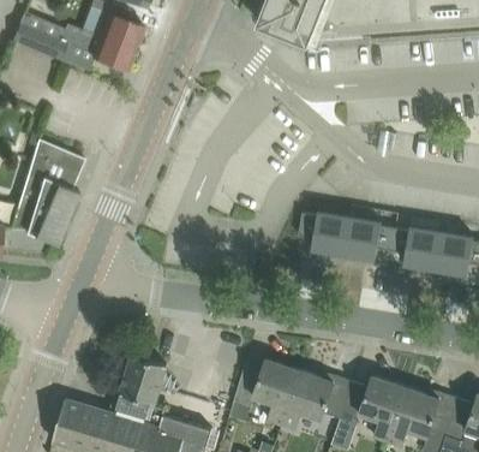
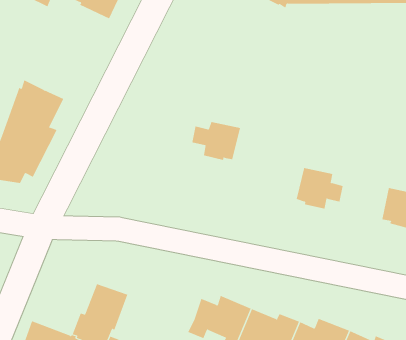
building: [294,212,346,252] -> [192,121,241,160]
building: [388,226,438,268] -> none

